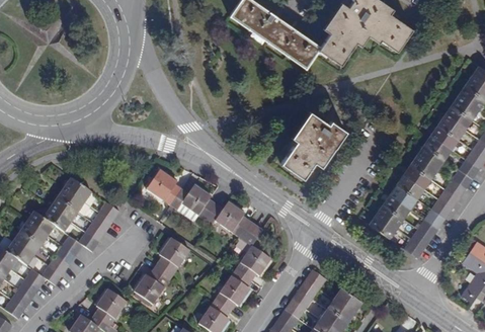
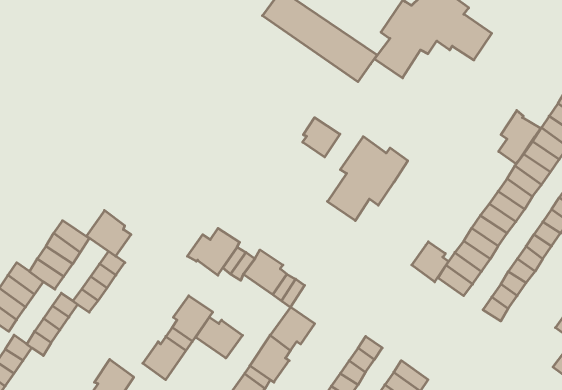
building: none -> [499,110,541,164]
building: none -> [303,118,340,157]
building: [147,169,182,205] -> [87,210,131,256]
building: none -> [412,242,448,282]
building: none -> [196,317,243,358]

